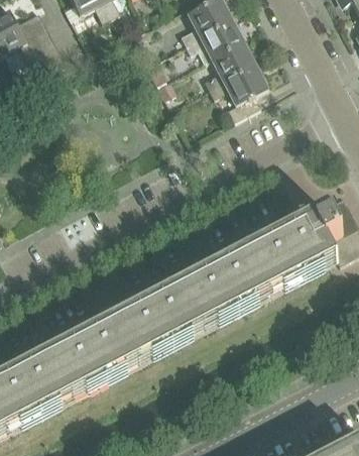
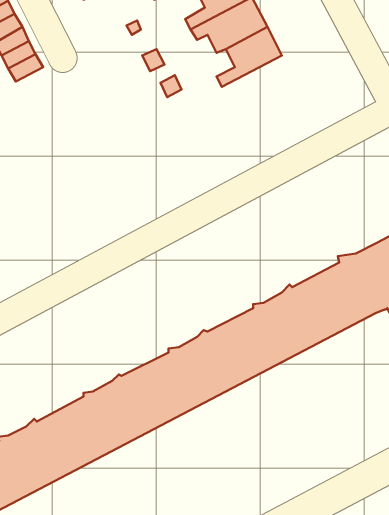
building: [208,59,267,115] -> none

